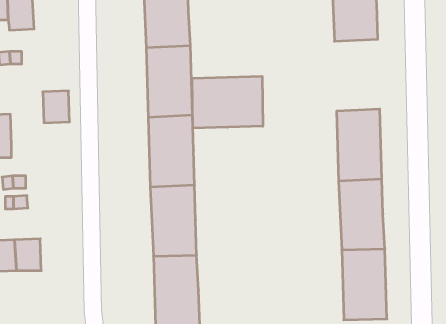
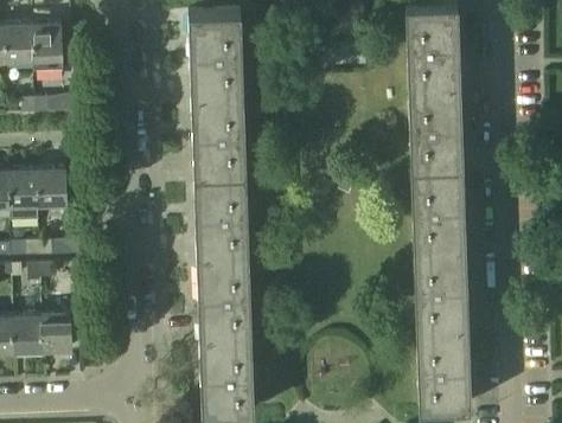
building: none -> [409,84,461,167]
building: [192,76,263,128] -> none
building: [43,91,70,123] -> [36,169,66,206]

